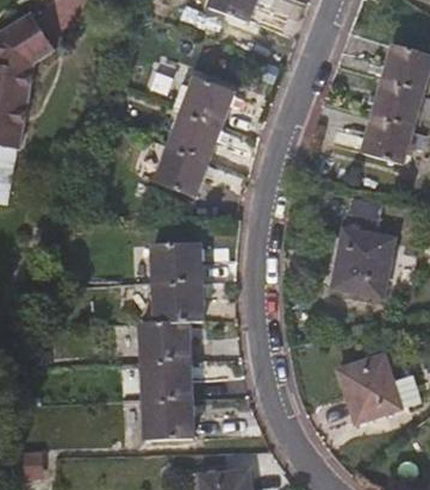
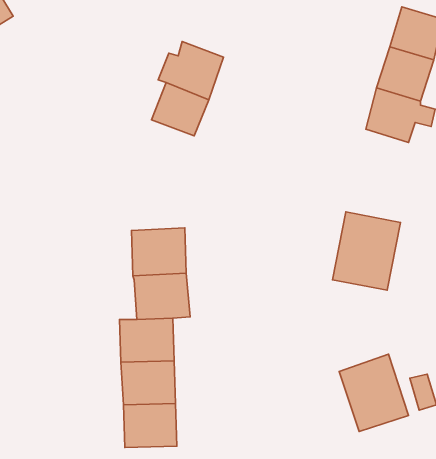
building: [157,144,208,196] -> none

